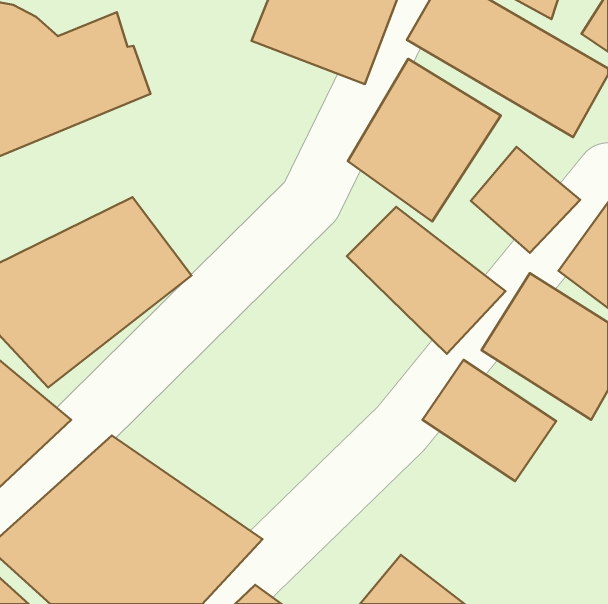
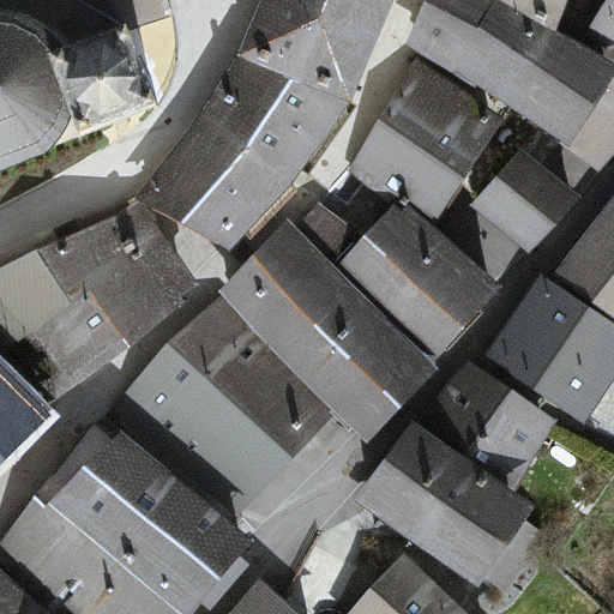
building: none -> [158,54,354,241]
building: none -> [234,233,440,441]
building: none -> [103,307,326,510]
building: none -> [366,425,541,578]

